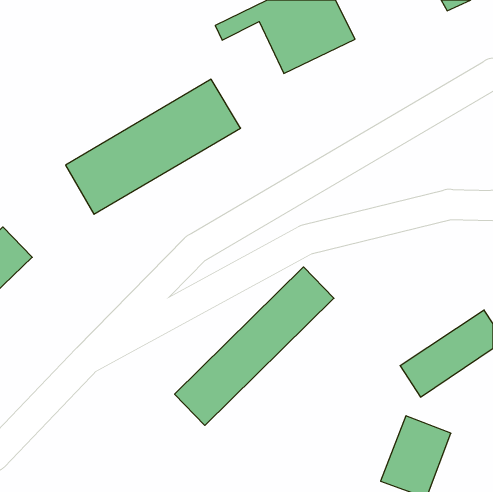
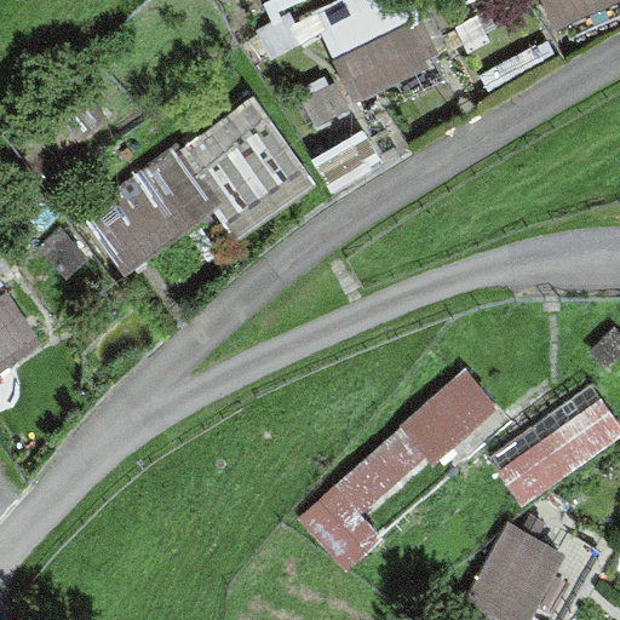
building: [175,267,334,425] -> [299,367,496,563]

